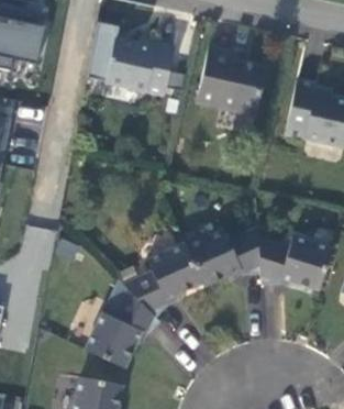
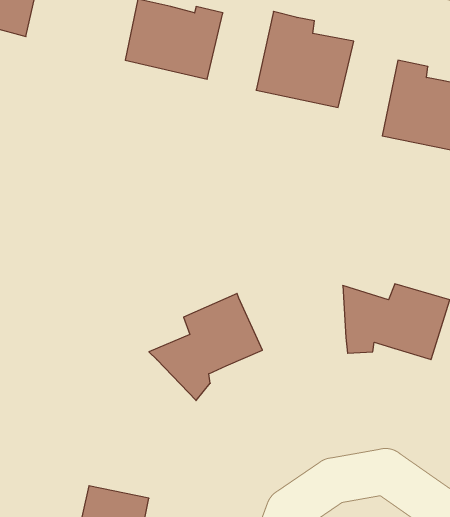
building: [186,225,260,285] -> none
building: [86,288,160,367] -> none

